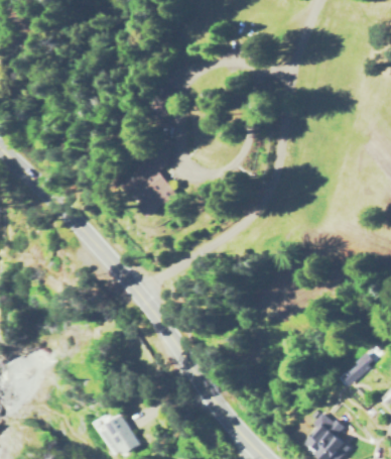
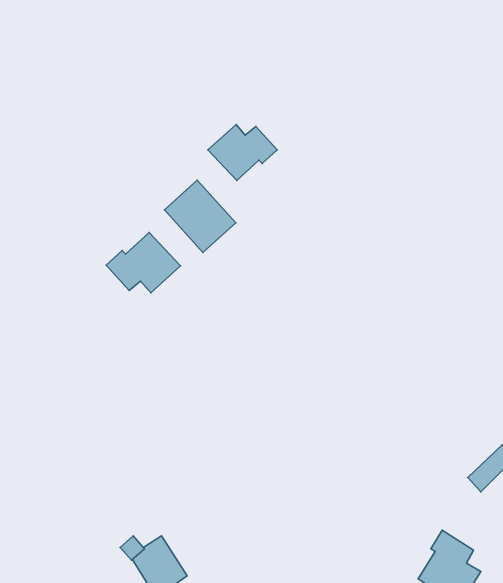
building: none -> [208,125,277,180]
building: none -> [106,233,181,293]

